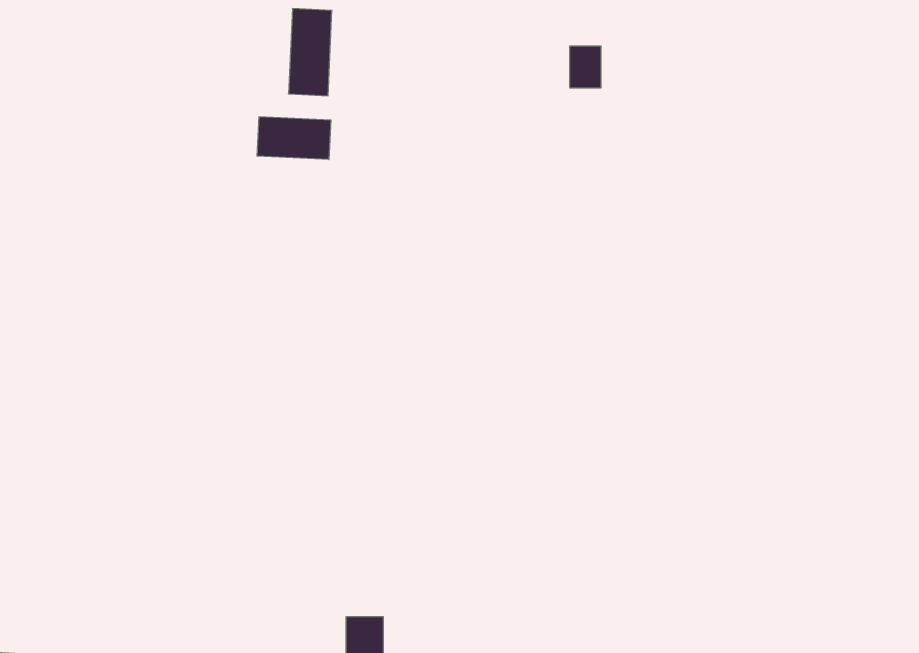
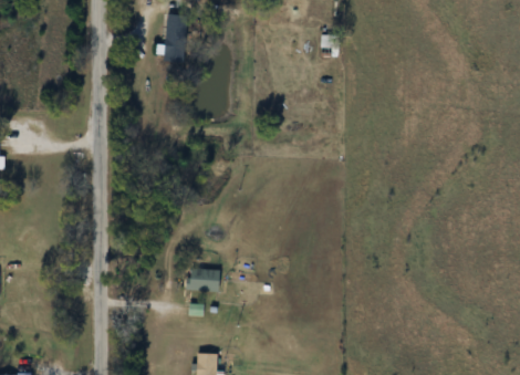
building: [257,117,331,160] -> none
building: none -> [186,267,219,291]

